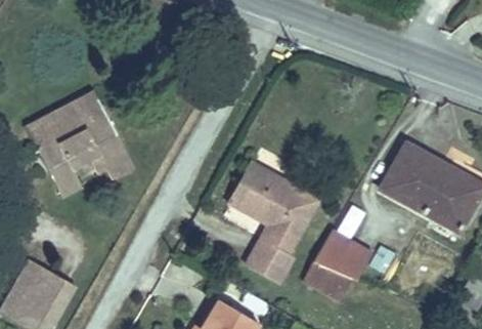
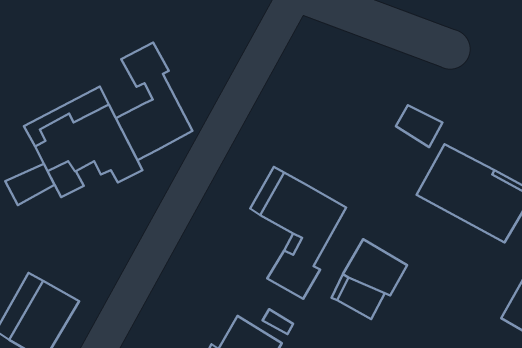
building: none -> [116,42,193,160]
building: none -> [396,105,443,147]
building: none -> [5,164,54,205]

